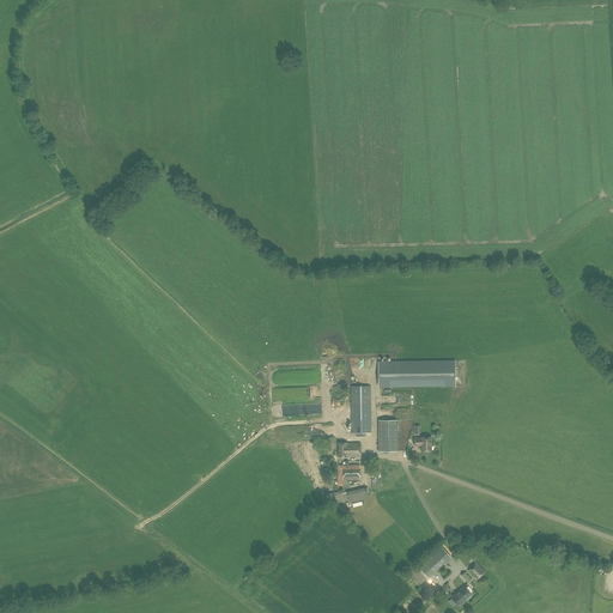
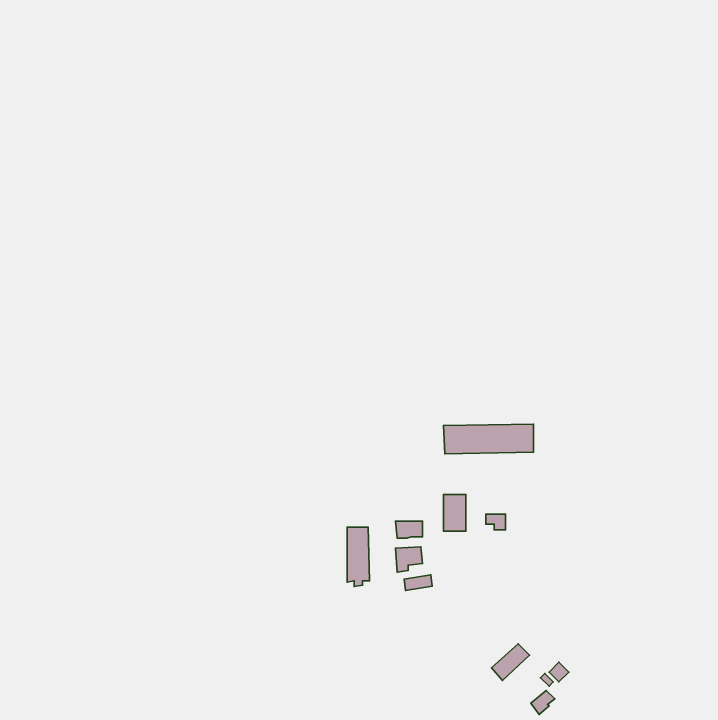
building: [351,387,370,437] -> [347,527,370,586]

